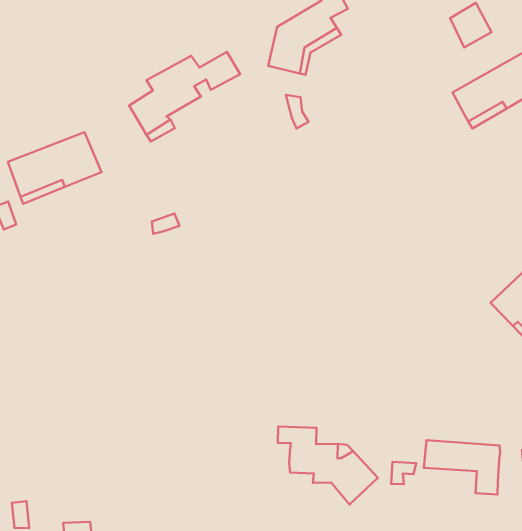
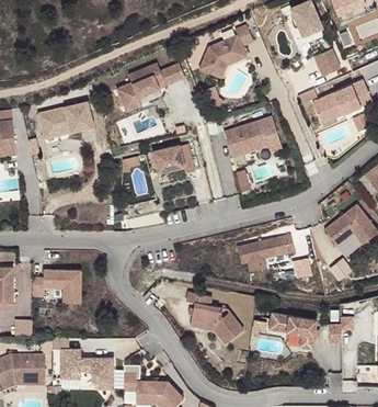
building: none -> [225,115,284,156]
building: none -> [152,144,195,172]
building: none -> [237,235,294,273]
building: none -> [31,270,80,304]

